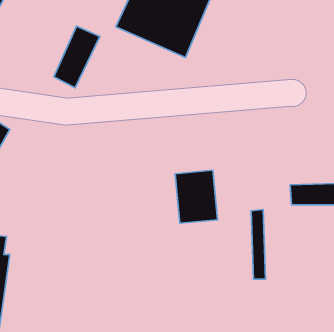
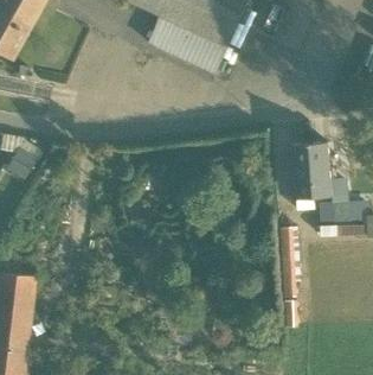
building: [54,26,100,88] -> none
building: [175,170,218,223] -> [292,144,335,197]

